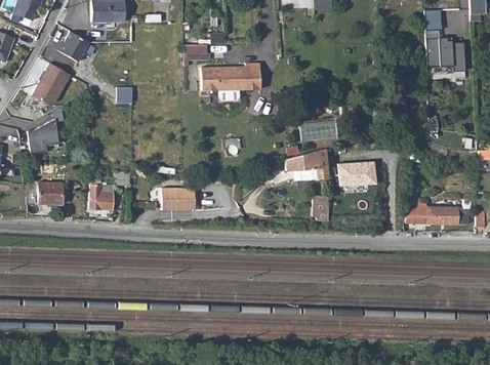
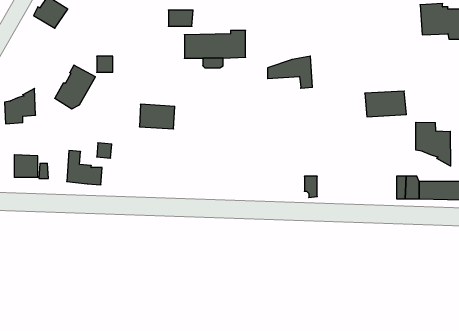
building: [31,62,70,104] -> [55,65,95,109]
building: [286,149,329,179] -> [268,56,312,88]
building: none -> [416,122,451,166]
building: [338,162,378,187] -> [365,91,406,117]
building: [160,187,194,210] -> [139,104,175,129]

